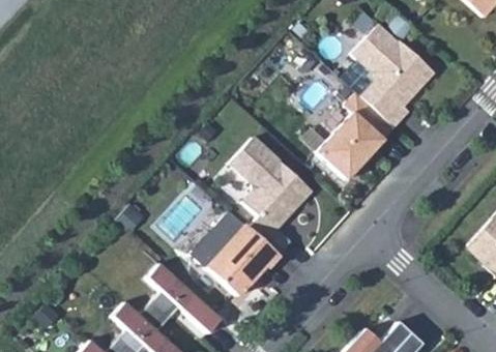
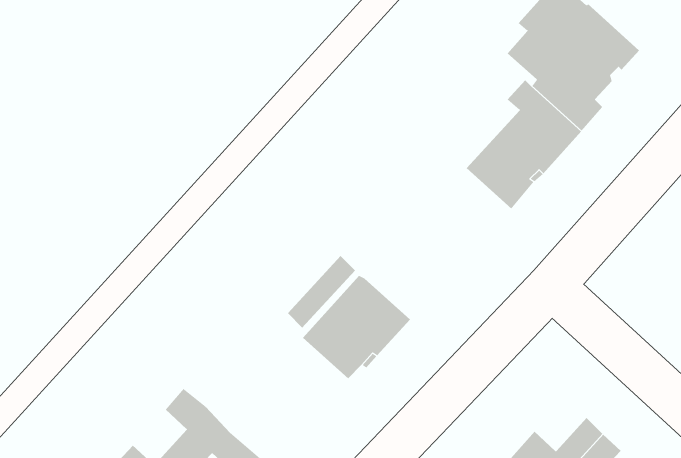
building: [230,137,312,255] -> none
building: [141,263,222,333] -> none

